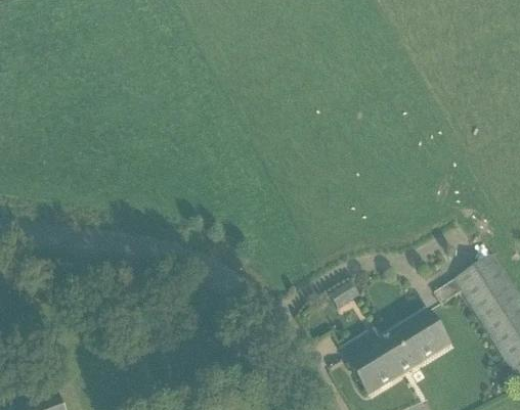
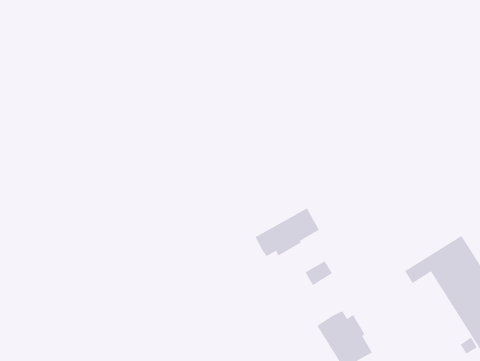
building: none -> [255,208,320,257]
building: [381,310,450,375] -> none

